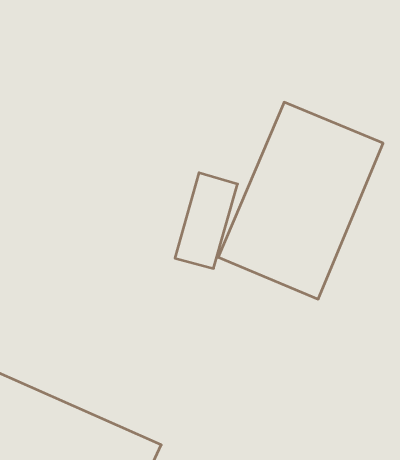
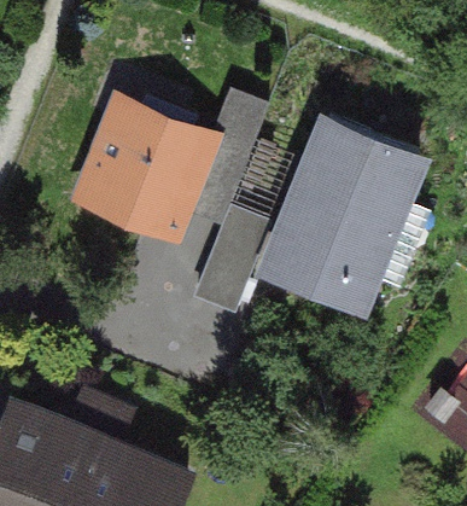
building: none -> [76,92,222,248]

